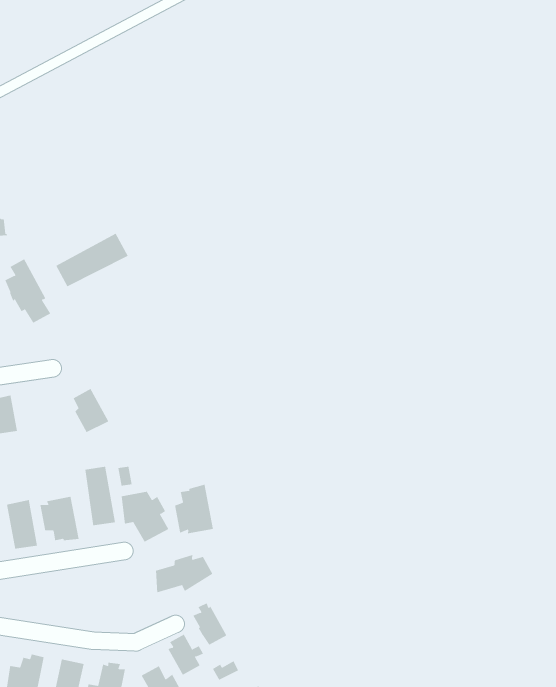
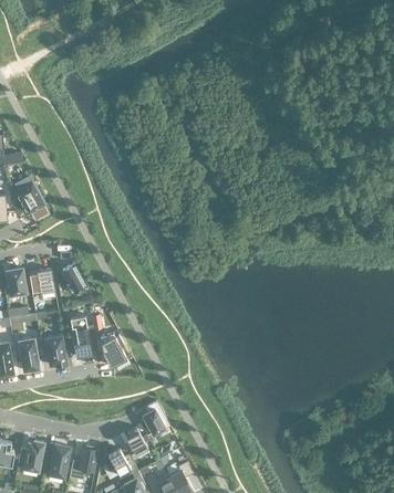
building: [56,233,128,287] -> none
building: none -> [29,270,54,294]
building: [174,484,214,534] -> none
building: [155,554,213,593] -> none

